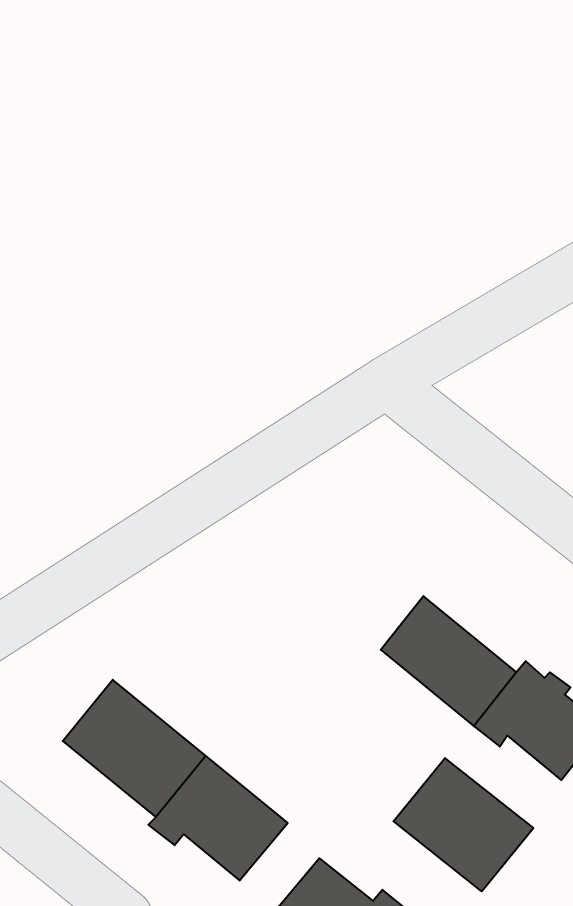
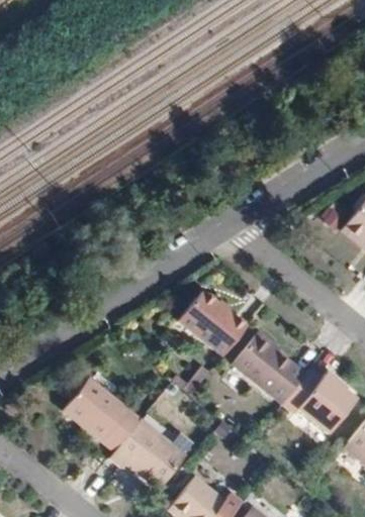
building: none -> [181,293,246,354]
building: [393,758,533,891] -> none

